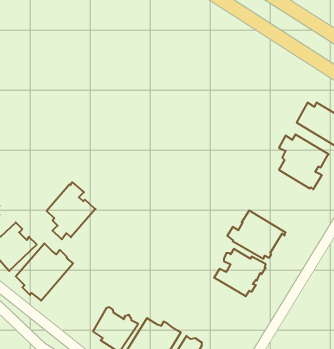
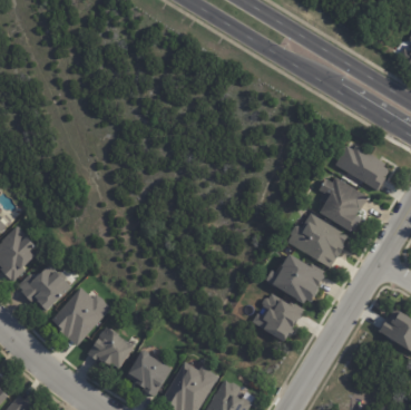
building: none -> [286,212,345,267]
building: [47,182,96,239] -> none
building: none -> [88,324,134,368]

